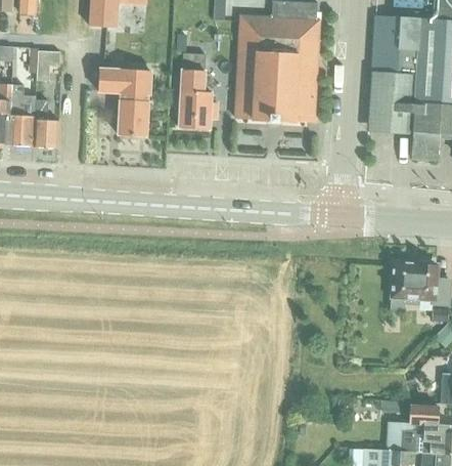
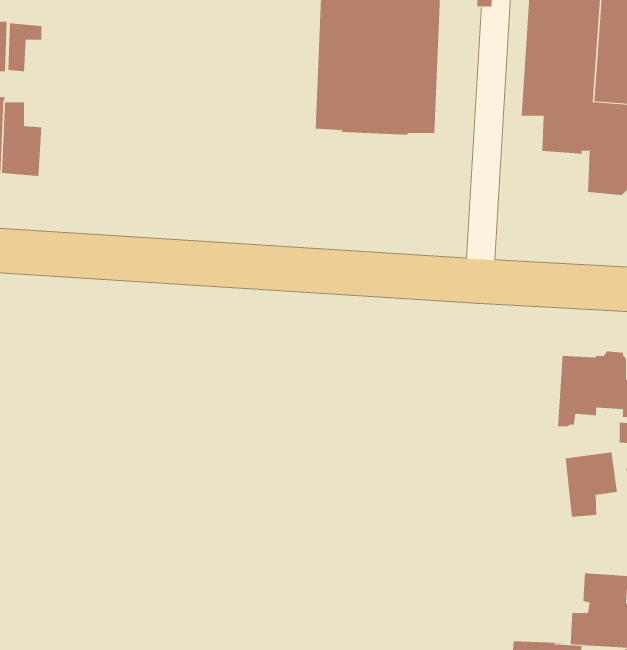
building: [179,52,217,129] -> none
building: [98,70,150,137] -> none
building: none -> [565,451,617,518]

